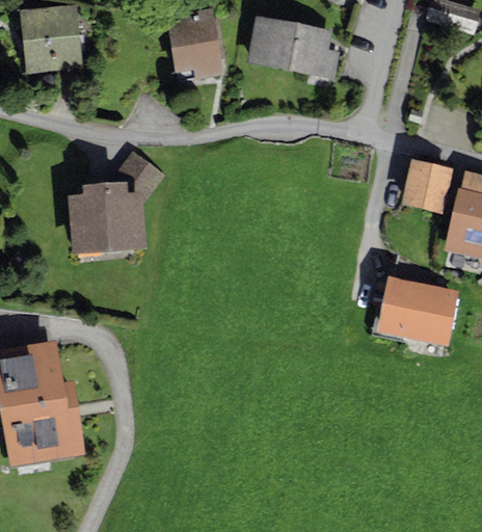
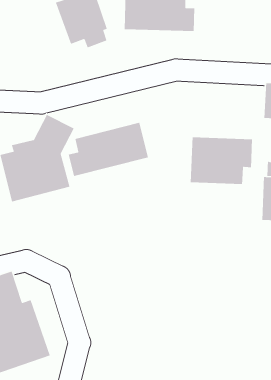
building: none -> [68,122,149,177]
building: none -> [190,136,253,185]

